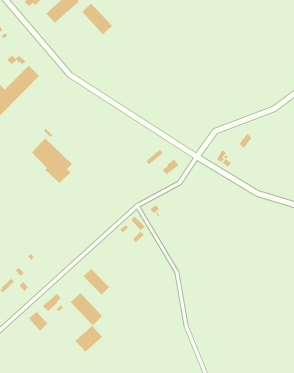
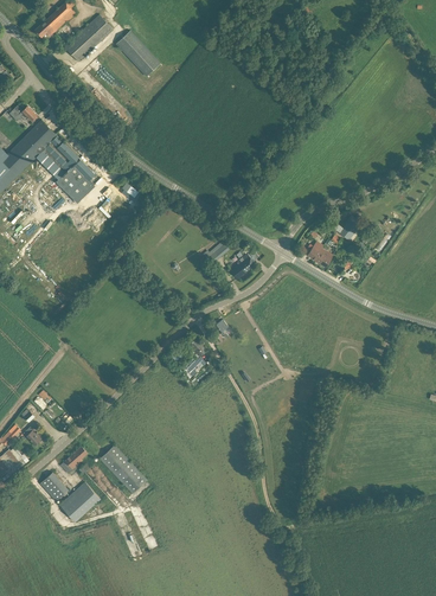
building: [31,138,73,184] -> [37,135,96,201]
building: [83,268,110,295] -> none
building: [75,325,103,353] -> [60,481,101,520]

